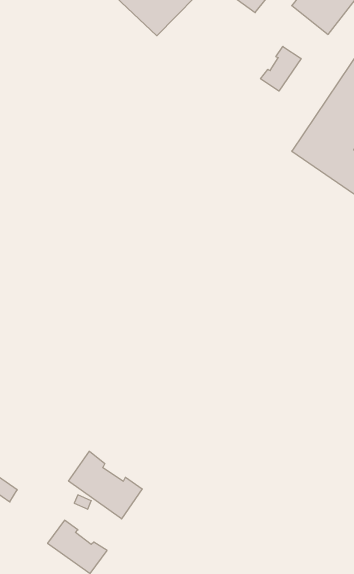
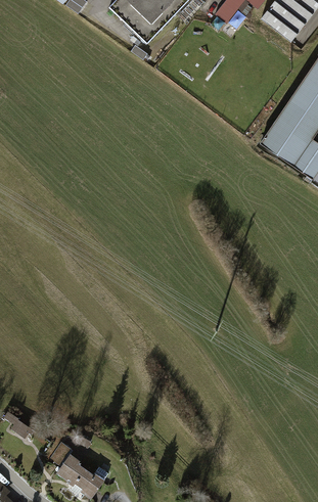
building: [261,46,301,91] -> none
building: [69,451,142,519] -> none

